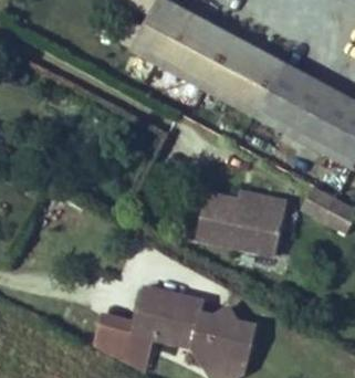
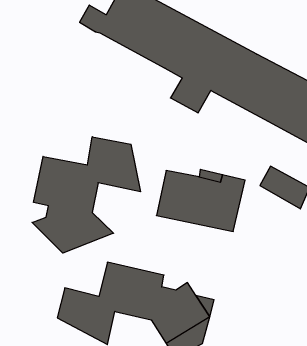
building: none -> [32,137,141,253]

